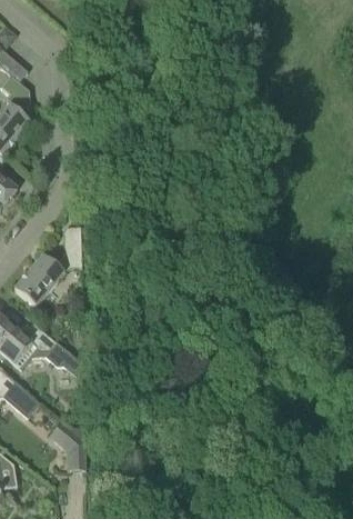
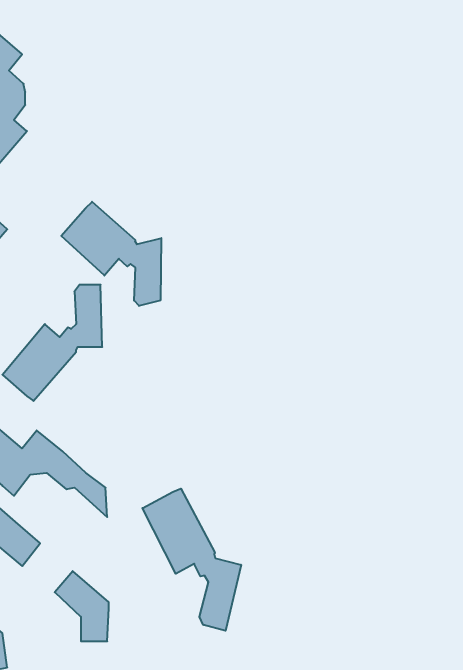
building: none -> [61,202,161,306]
building: none -> [142,489,241,631]

